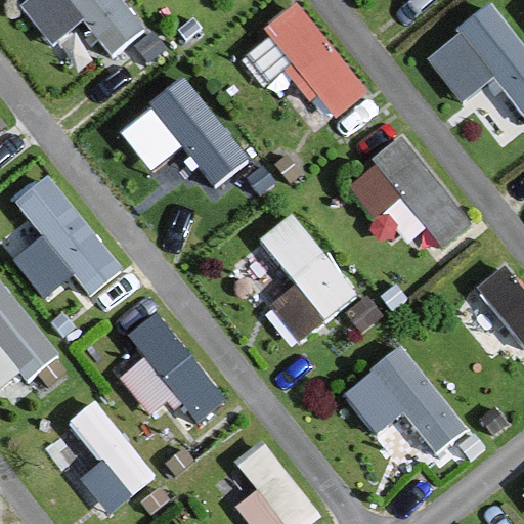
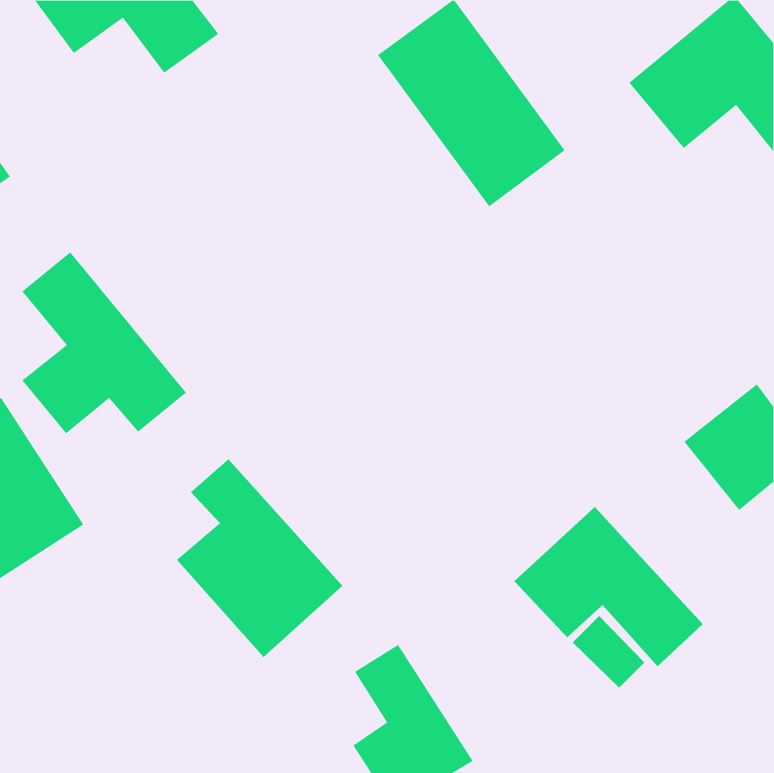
building: [118,77,250,185] -> none
building: [347,136,475,266] -> none
building: [226,208,358,343] -> none
building: [69,398,154,513] -> none

